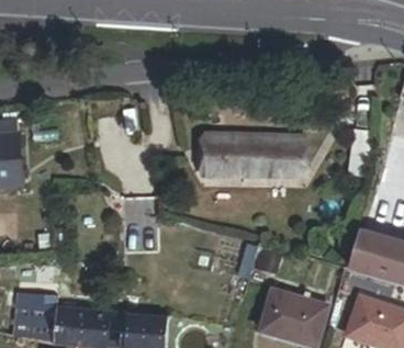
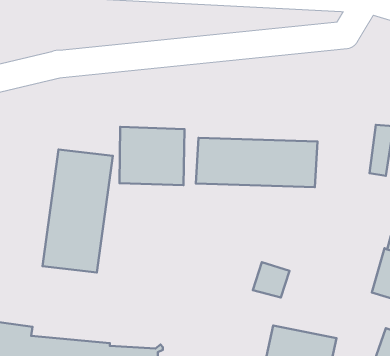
building: none -> [119,127,184,185]
building: none -> [42,149,113,273]

